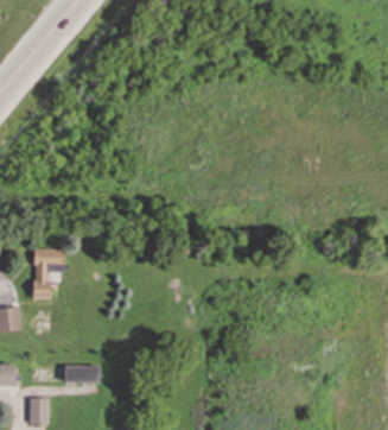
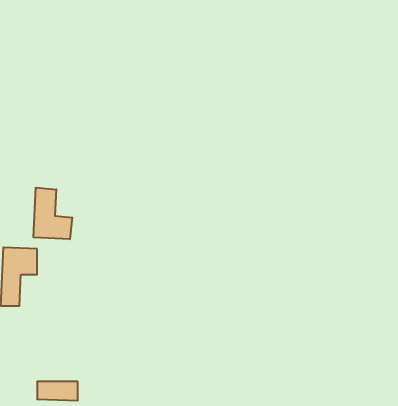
building: none -> [34,188,72,239]

